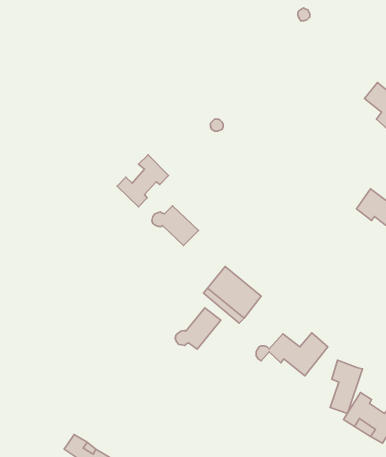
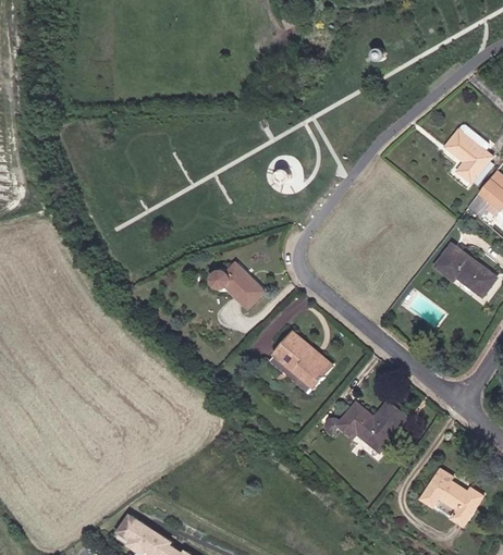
building: [117,155,169,207] -> none
building: [175,308,221,349] -> none
building: [330,360,363,414] -> none

